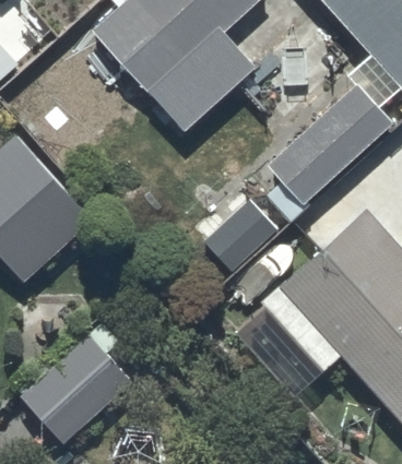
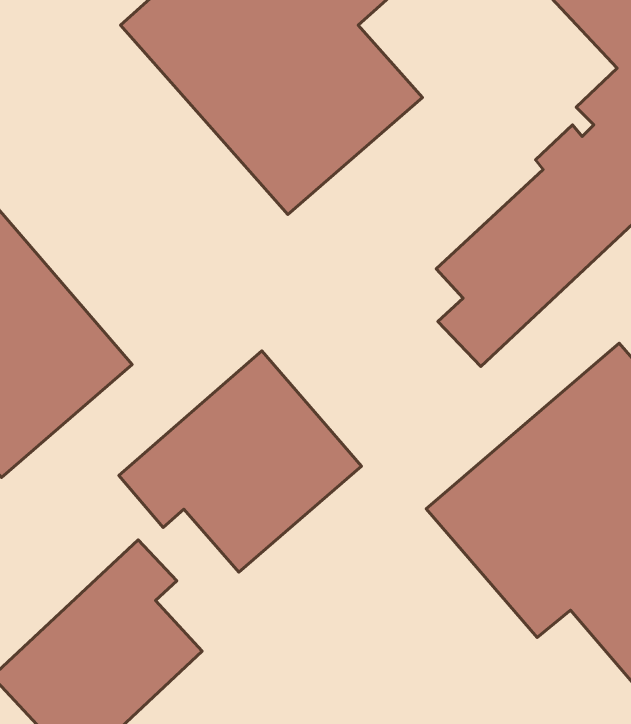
building: none -> [119,351,362,572]

